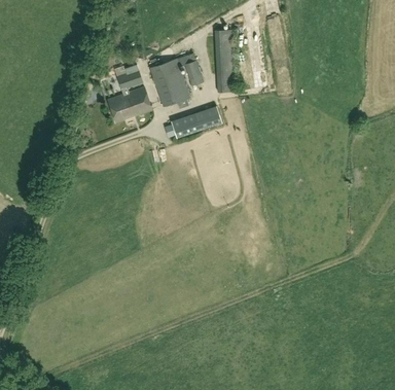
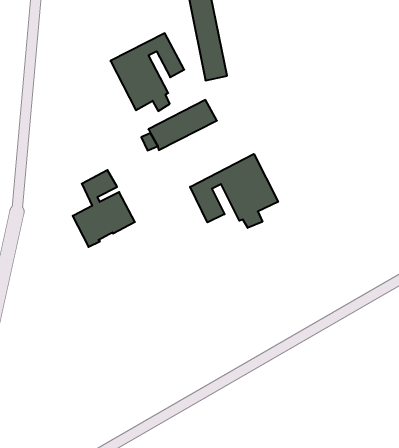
building: [107,69,152,123] -> [73,170,135,247]
building: none -> [190,154,278,228]

